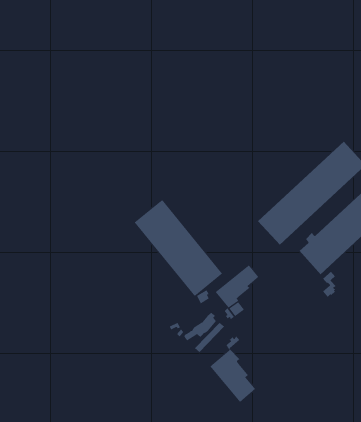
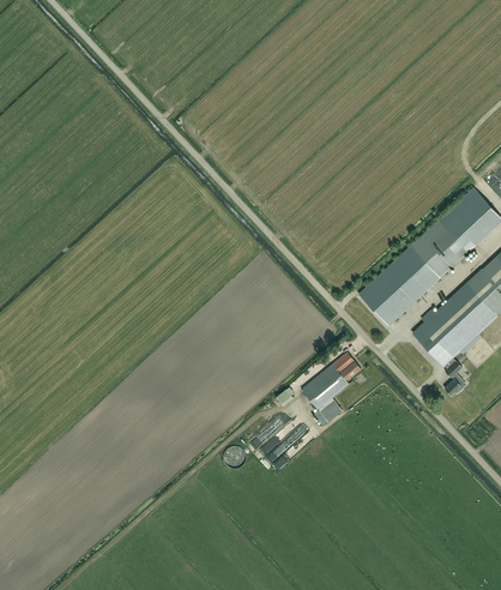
building: [134,199,223,297] -> none
building: [209,335,256,403] -> none

